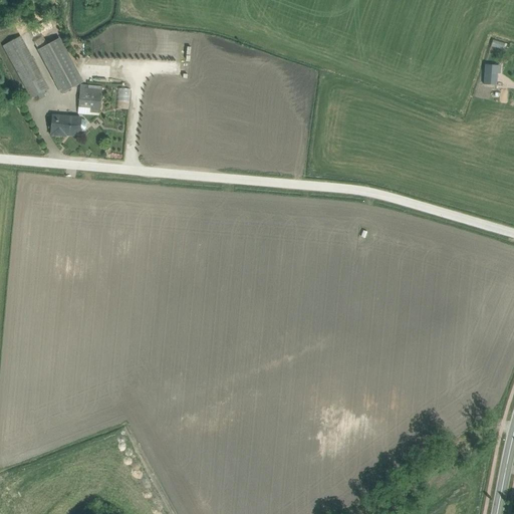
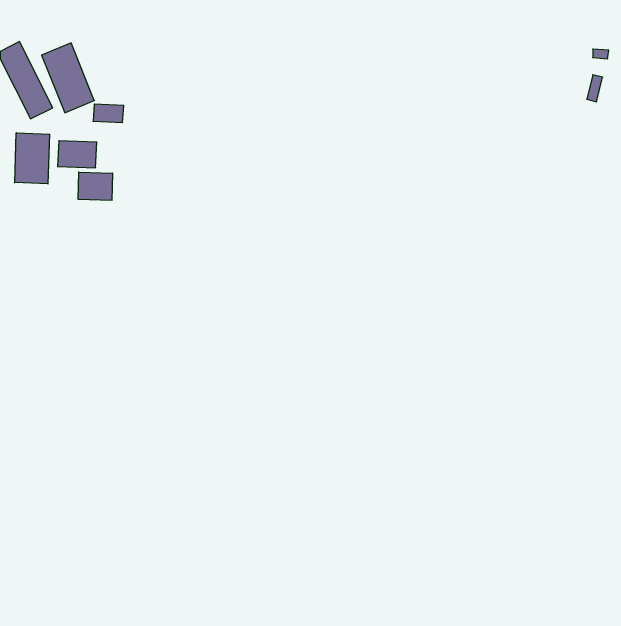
building: none -> [15,133,50,184]
building: none -> [78,172,112,200]

